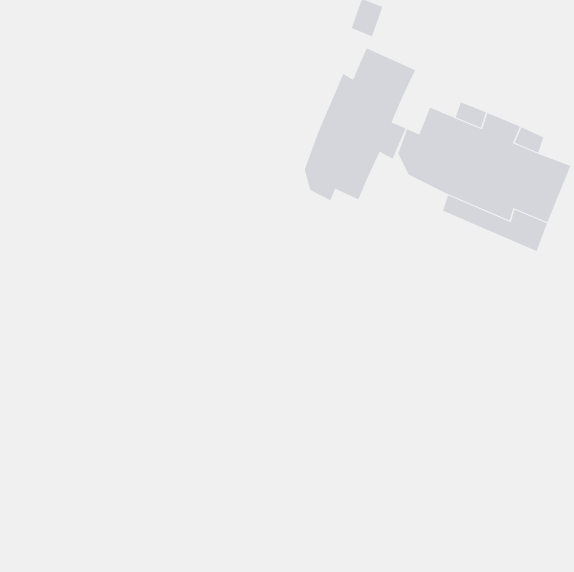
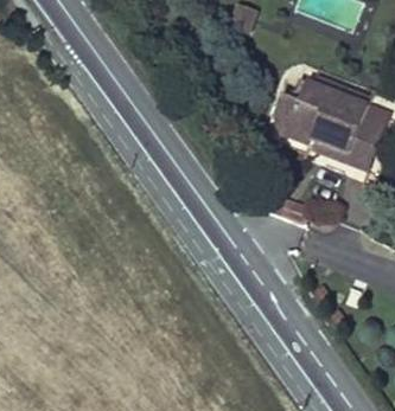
building: [304,47,416,201] -> none

